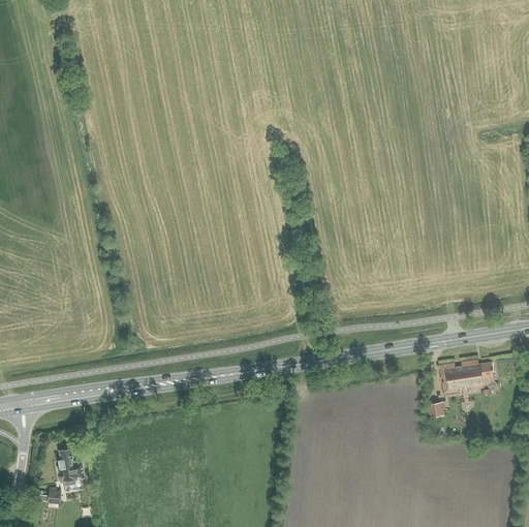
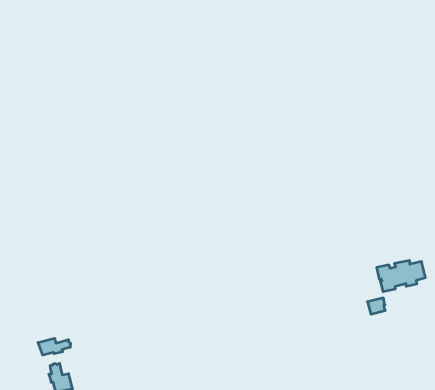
building: none -> [38,338,71,355]

